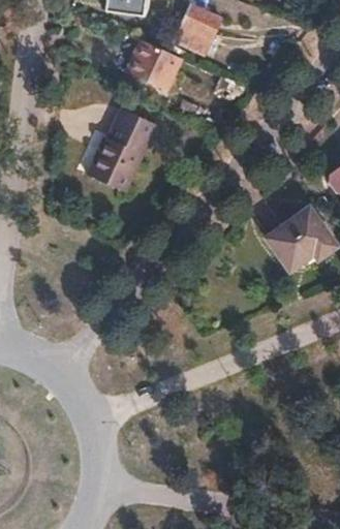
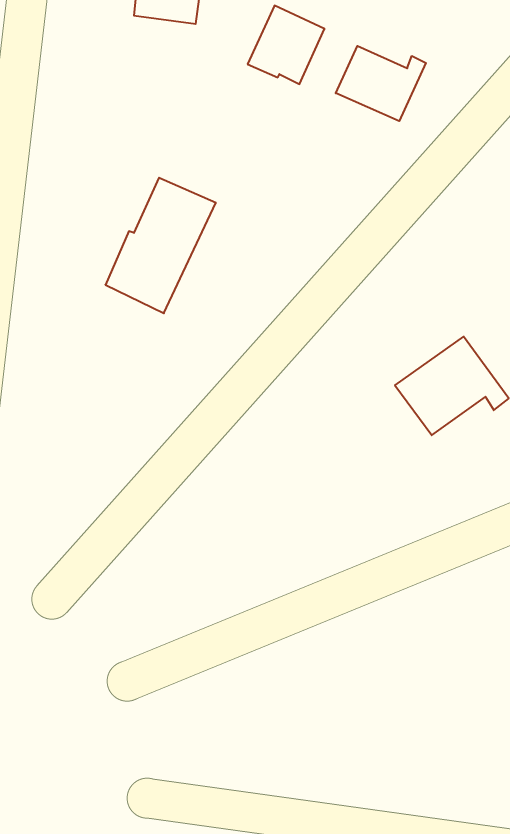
building: none -> [336,46,426,121]
building: [126,39,182,90] -> none

